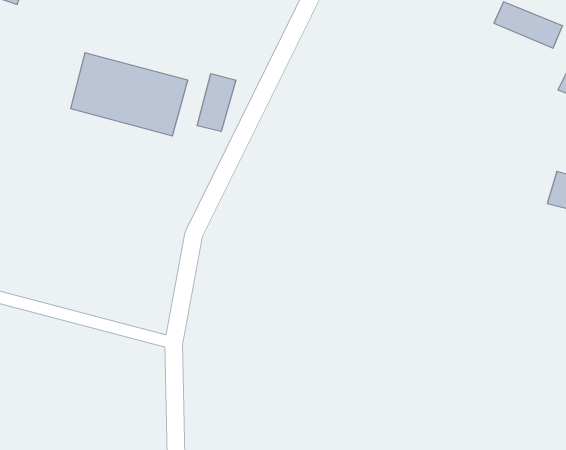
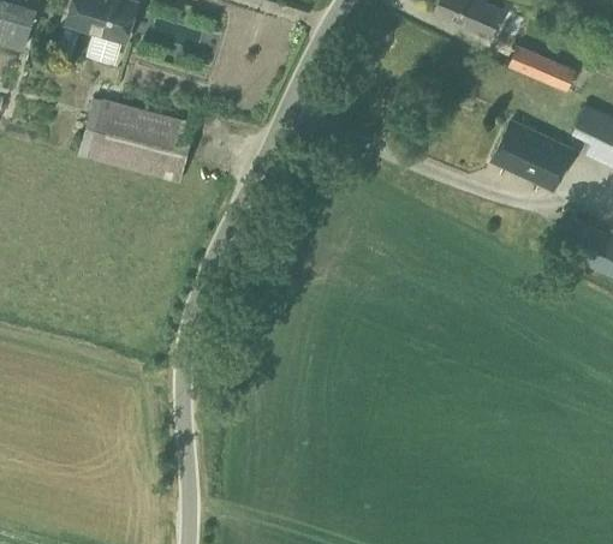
building: [197,74,236,132] -> none
building: none -> [493,122,571,190]

